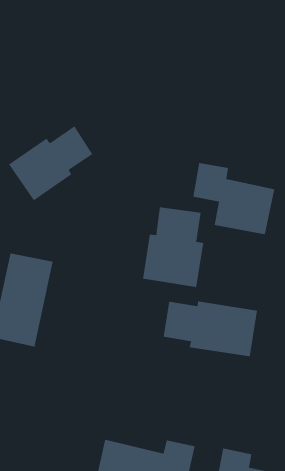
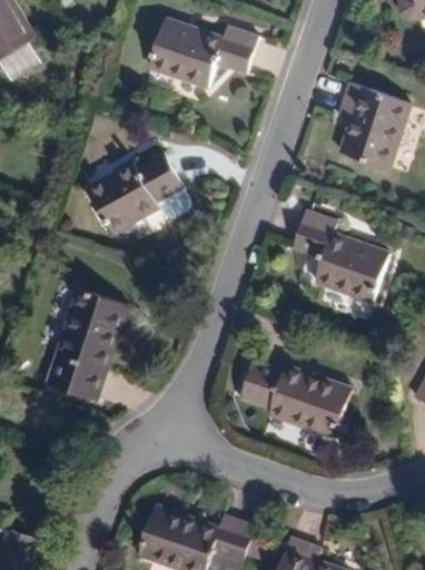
building: none -> [147,18,255,86]
building: none -> [336,83,409,170]
building: [142,207,204,288] -> none

